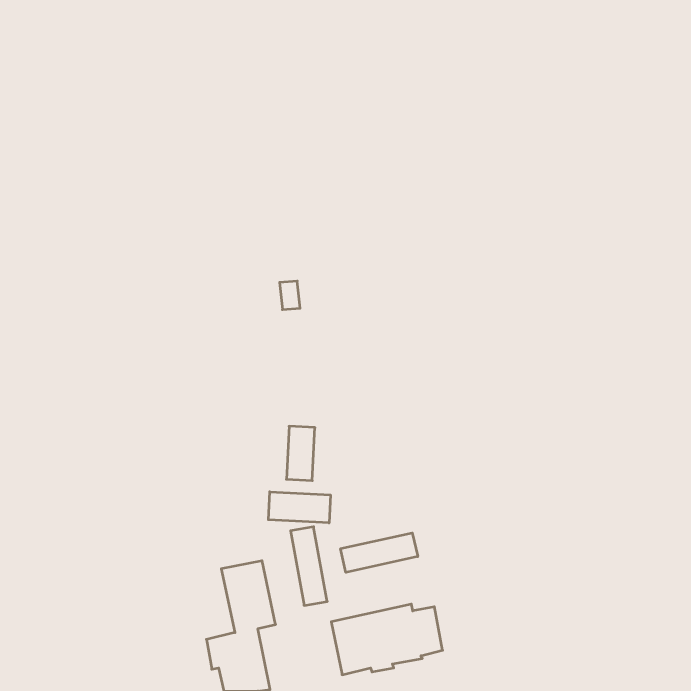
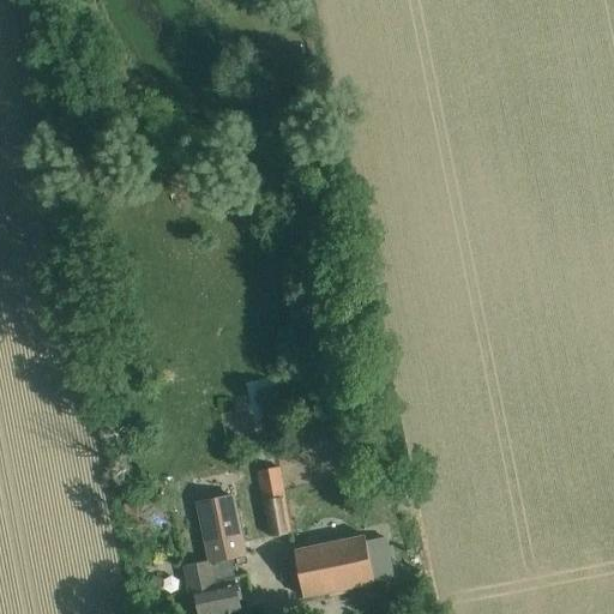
building: [268,492,330,523] -> none
building: [341,533,418,572] -> none

